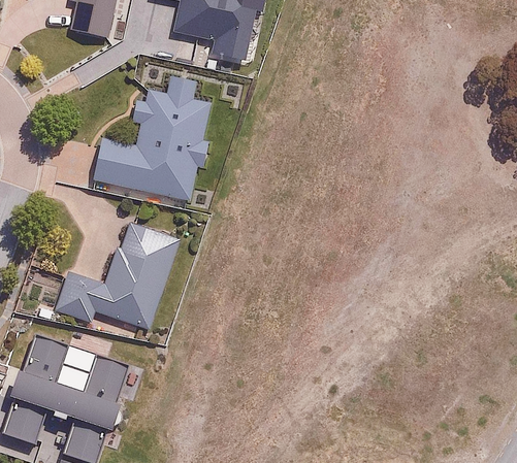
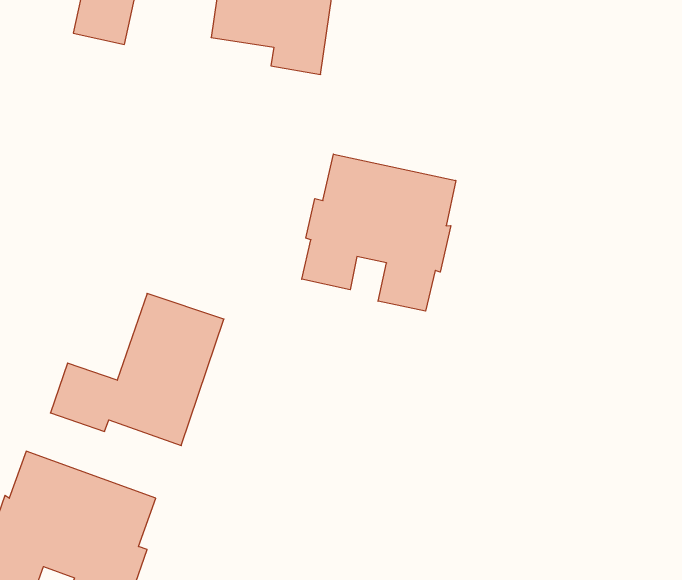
building: [95,71,211,200] -> none
building: none -> [302,154,456,311]

